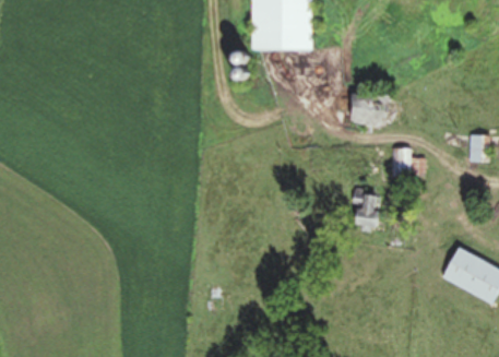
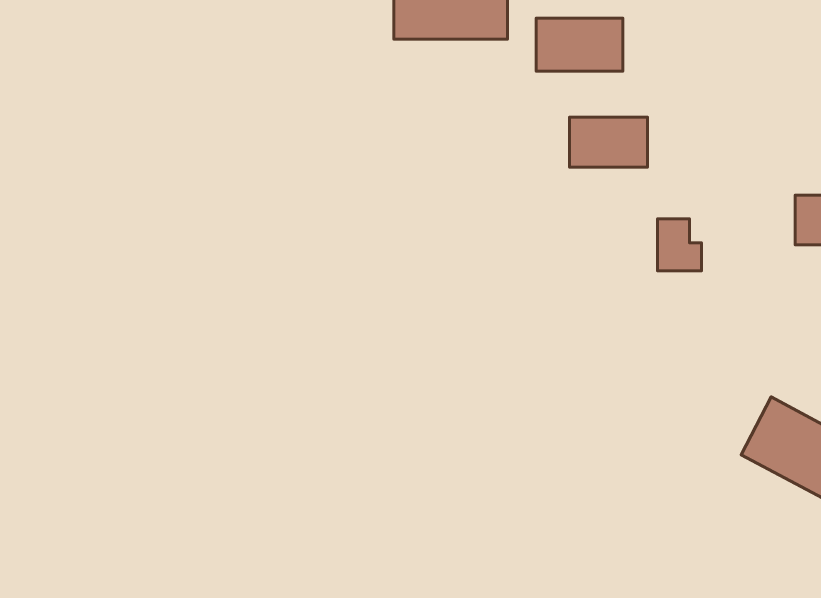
building: none -> [536,18,623,71]
building: [353,192,382,229] -> none

